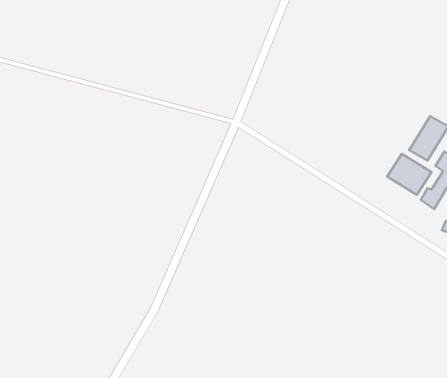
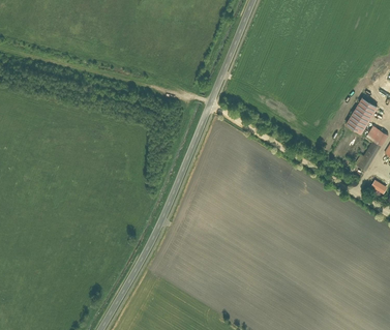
building: [387,154,432,195] -> none

